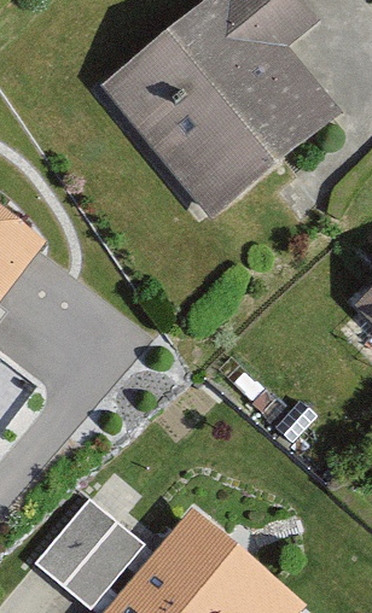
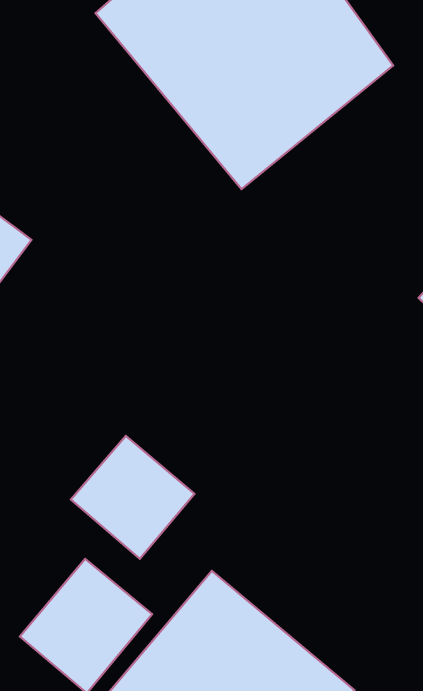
building: none -> [71,436,195,559]

